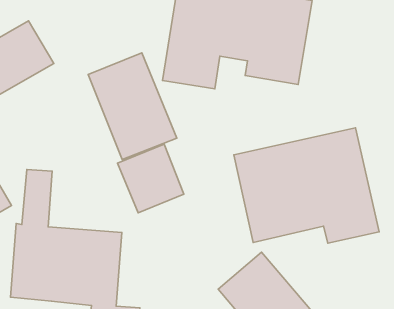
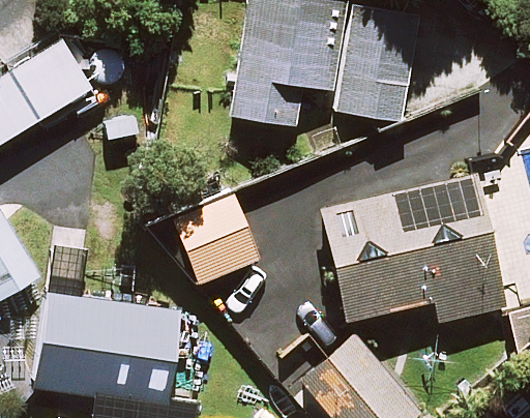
building: [88,53,177,160] -> none

